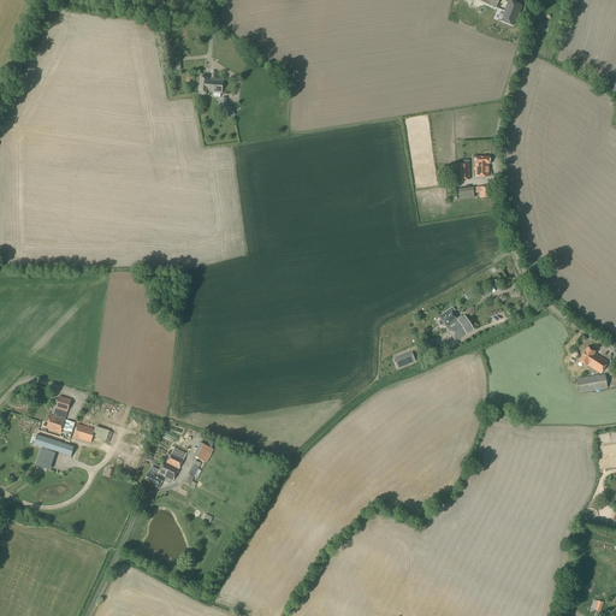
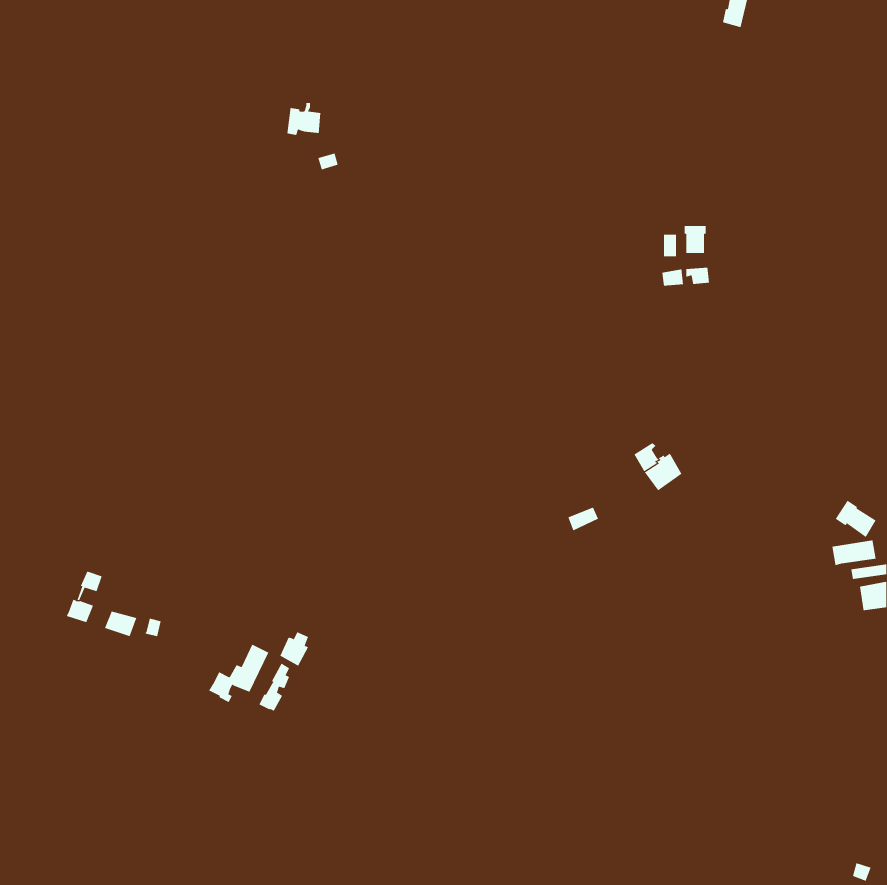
building: [34,433,75,464] -> none

